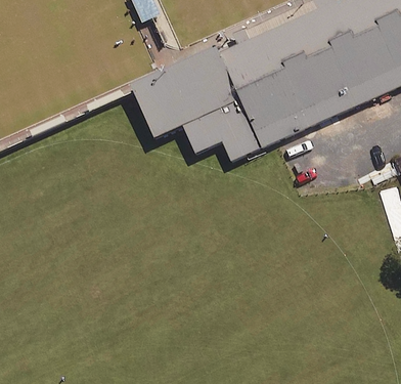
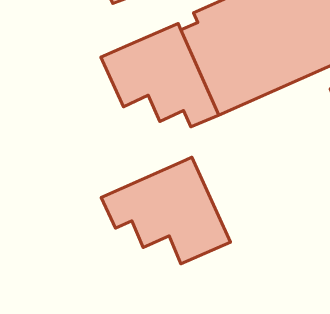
building: none -> [101,157,230,264]

